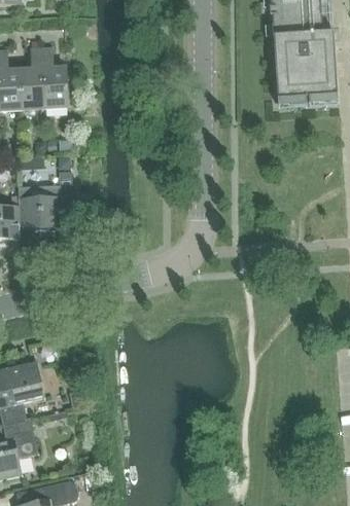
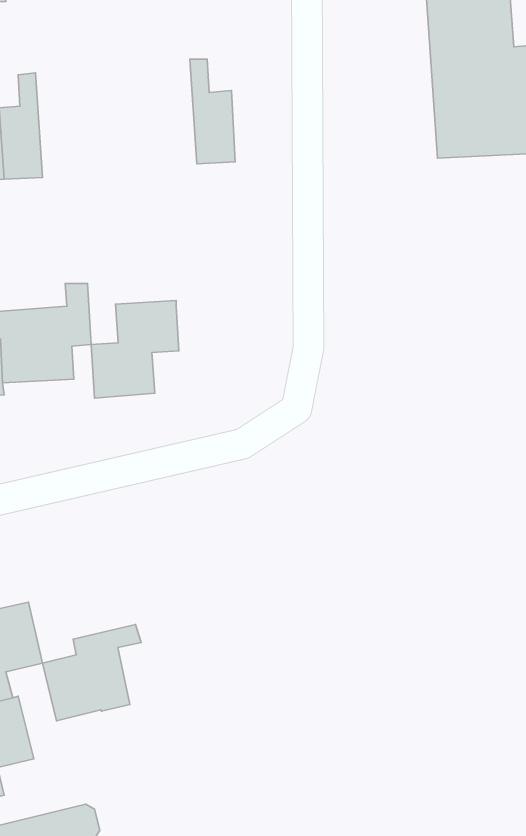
building: [40,48,67,110] -> [190,59,235,164]
building: none -> [91,301,179,398]
building: none -> [42,625,141,721]

